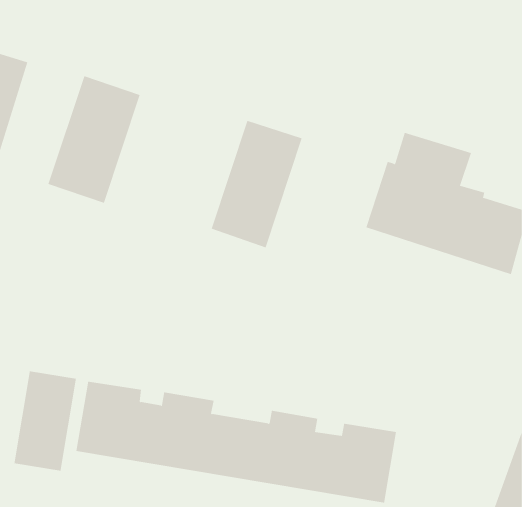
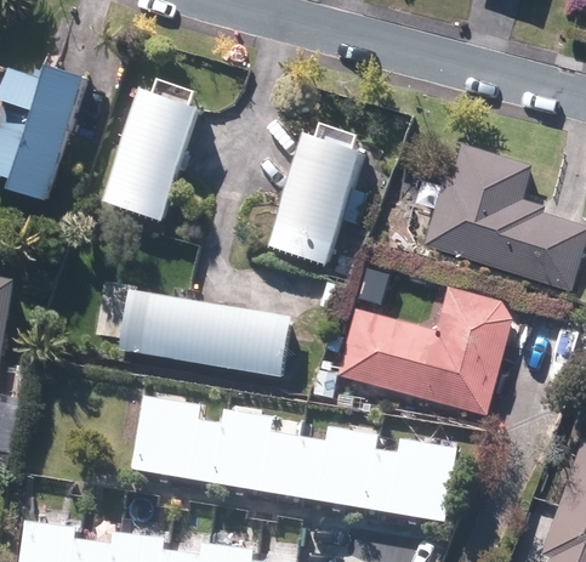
building: none -> [338,288,511,415]
building: none -> [119,289,289,376]
building: [14,371,76,471] -> none

